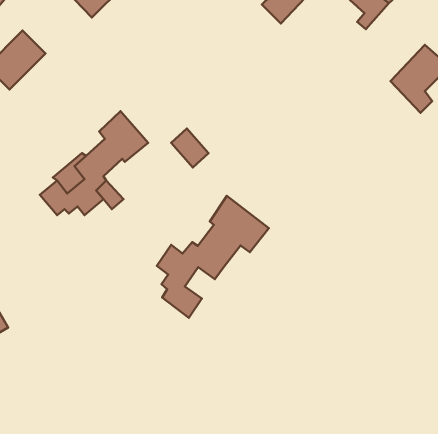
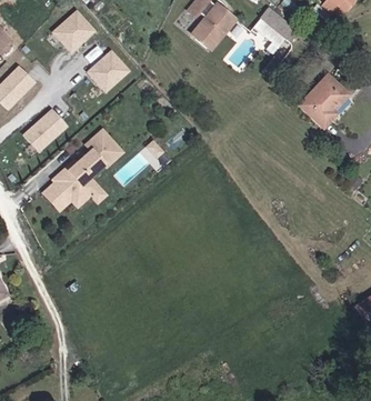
building: none -> [87,49,132,93]
building: none -> [22,109,67,152]
building: [157,196,269,318] -> none

